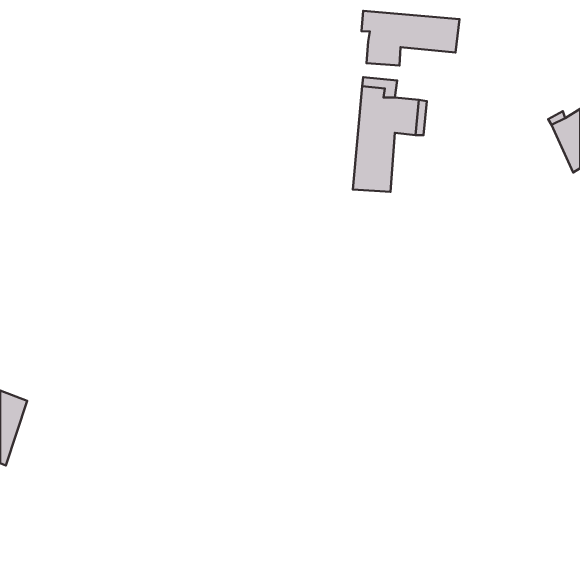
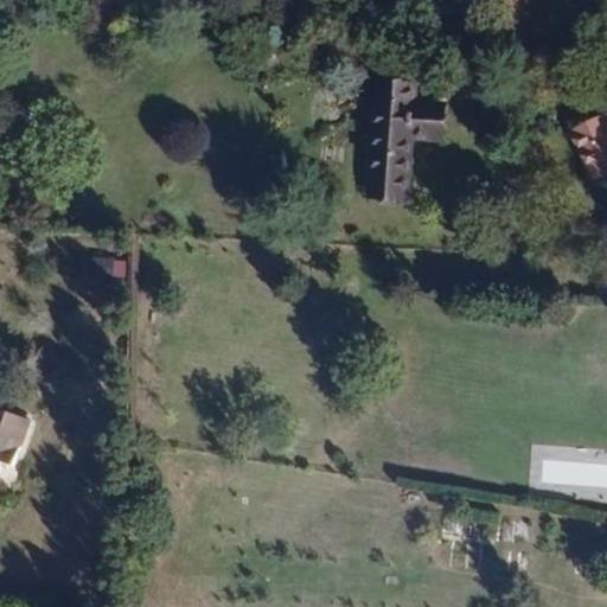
building: [361,11,459,66] -> none

